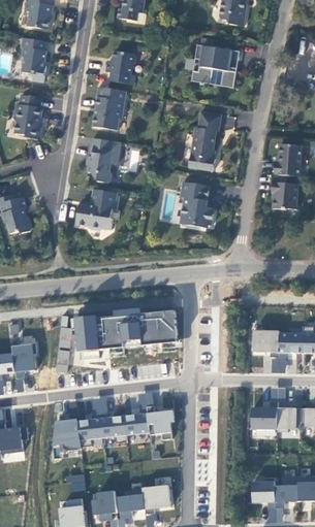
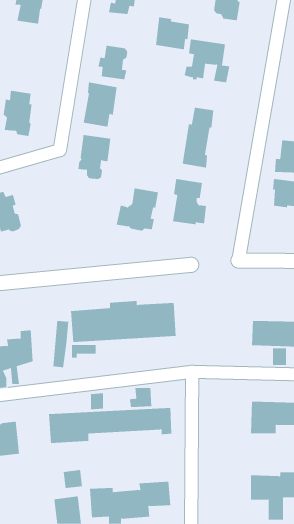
building: none -> [155,17,189,50]
building: [19,40,44,86] -> none
building: [73,192,116,234] -> [116,188,159,231]

